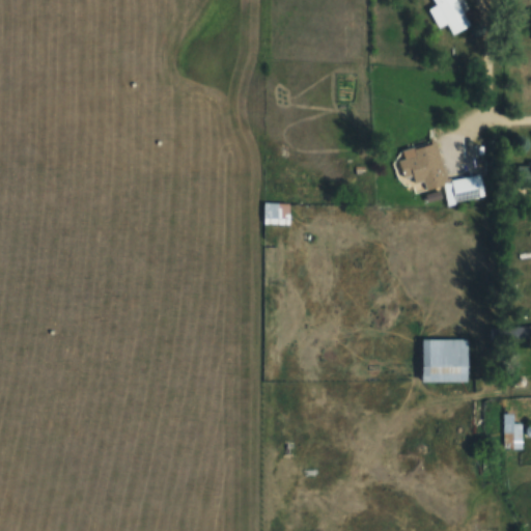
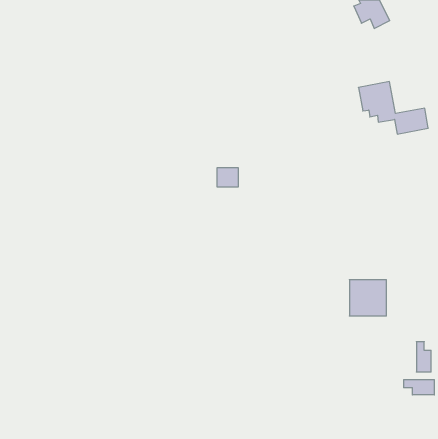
building: [401,142,485,205] -> [358,82,428,134]
building: none -> [404,380,434,395]

